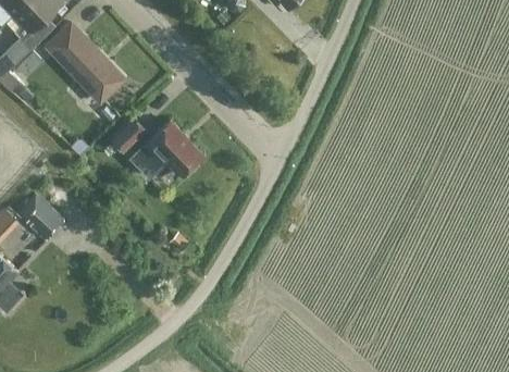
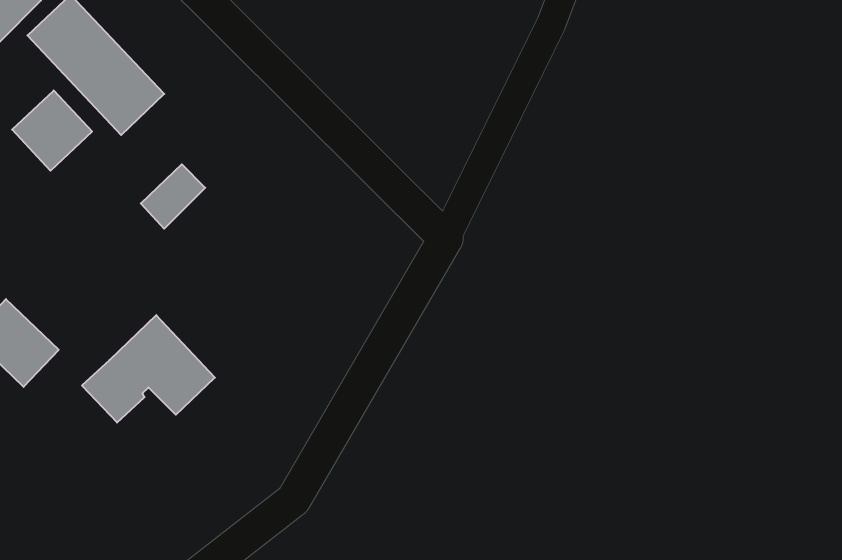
building: none -> [12,90,92,171]
building: [129,122,203,182] -> [82,315,215,423]

